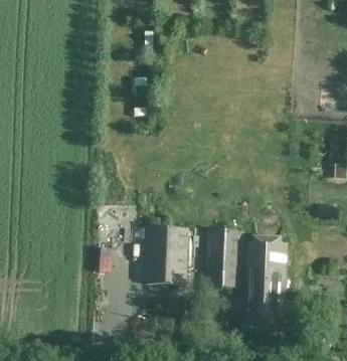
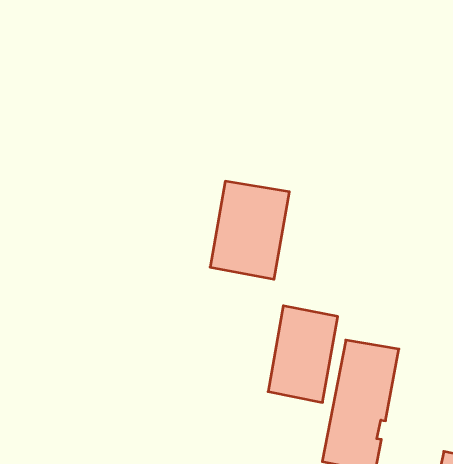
building: [145,225,188,283] -> [210,181,289,279]

